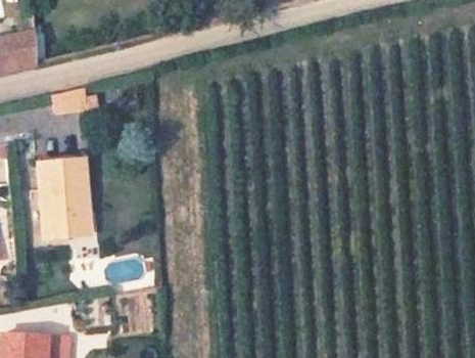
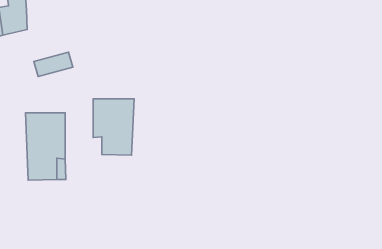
building: none -> [93,99,134,155]

